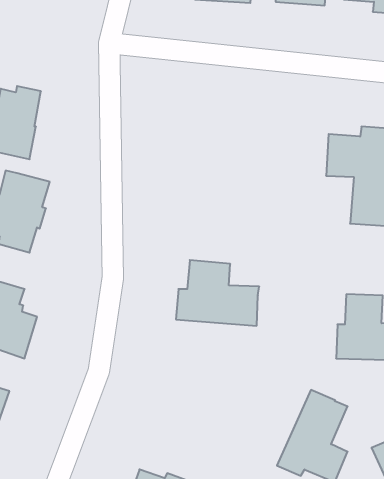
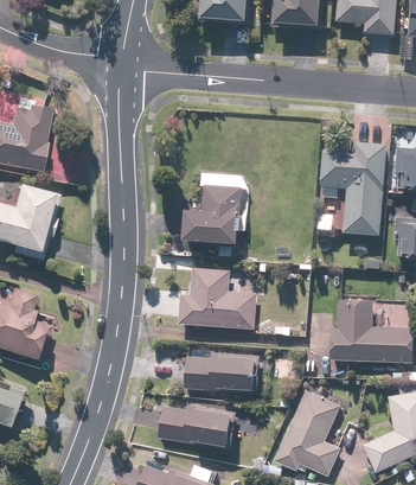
building: none -> [184,185,242,243]
building: none -> [184,351,261,394]
building: none -> [158,404,236,446]

